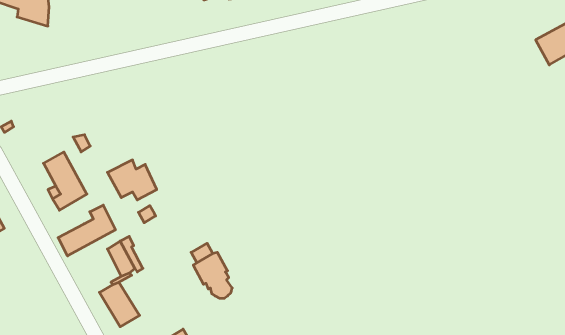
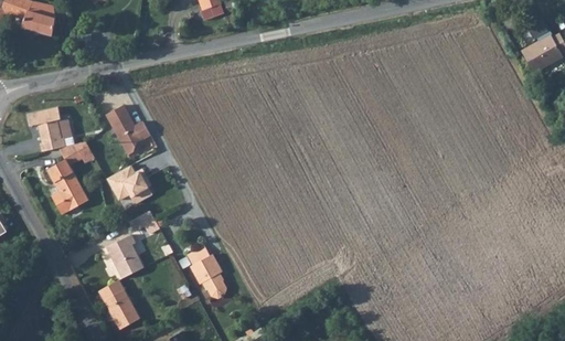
building: none -> [106,104,148,153]
building: none -> [25,106,64,152]
building: [58,205,115,256] -> none

